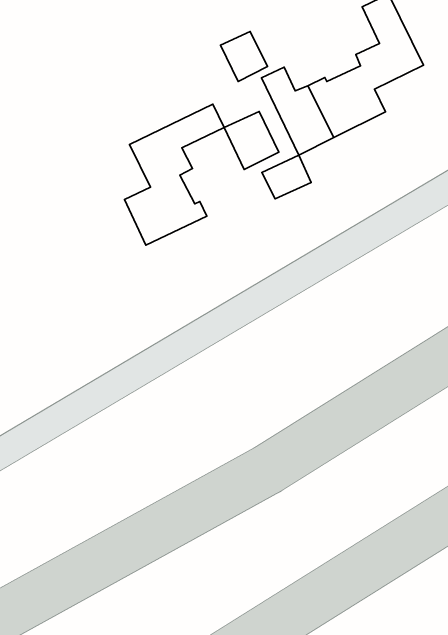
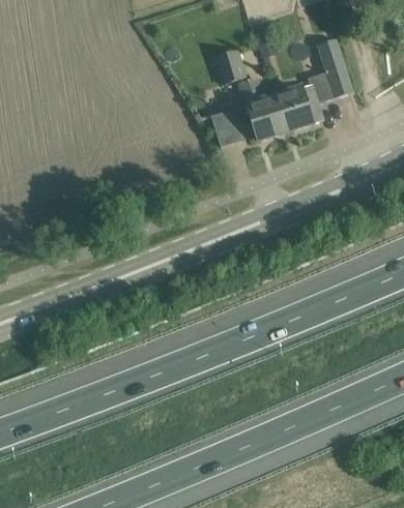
building: [124,104,224,245] -> none
building: [262,155,311,199] -> none

